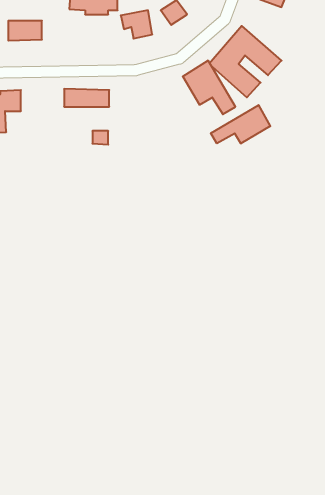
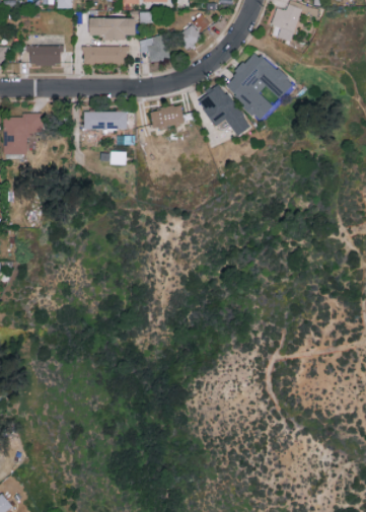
building: none -> [83,47,128,64]
building: none -> [149,104,185,129]
building: [211,105,270,144] -> none

